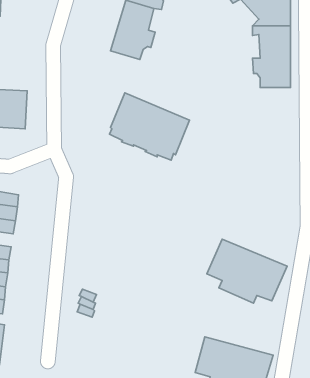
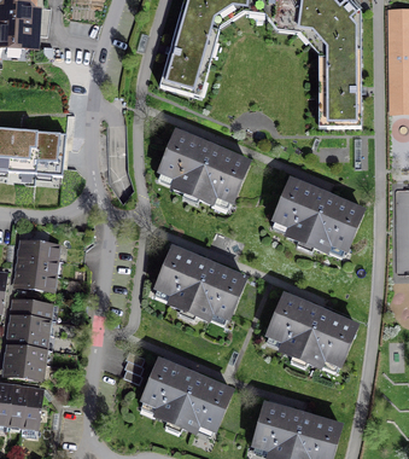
building: none -> [273,180,363,256]
building: none -> [157,248,245,319]
building: none -> [141,360,232,431]

